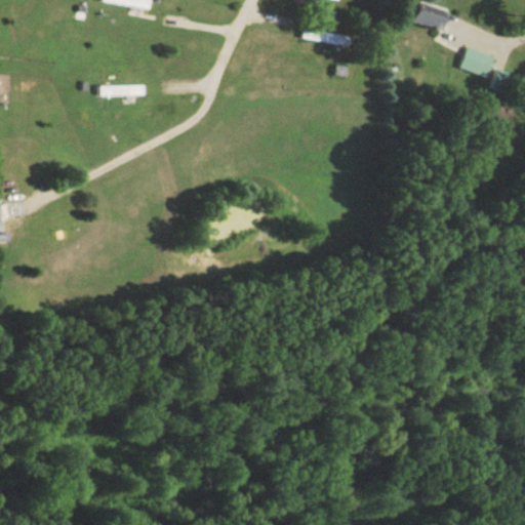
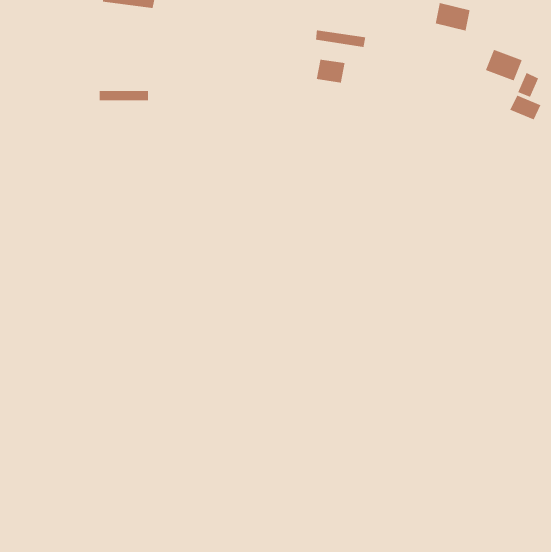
building: none -> [316,59,345,83]
building: none -> [509,95,542,121]

